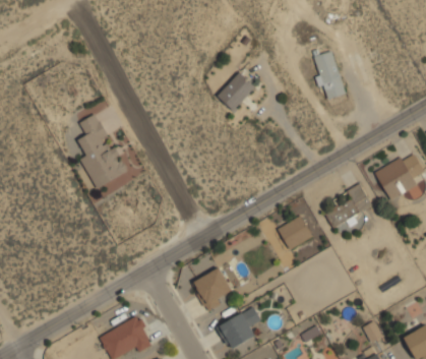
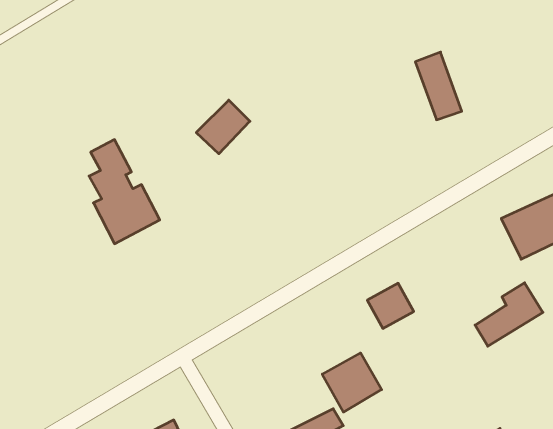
building: [217,71,255,110] -> [196,100,250,154]
building: [324,183,373,229] -> [475,283,543,346]
building: [191,267,234,310] -> [322,353,382,412]

